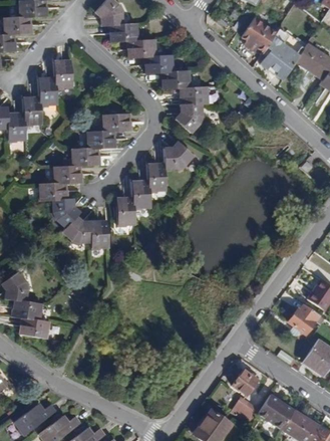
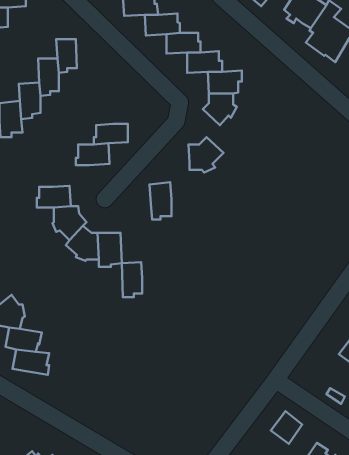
building: [101,113,129,131] -> none
building: [147,163,166,193] -> none
building: [51,165,82,183] -> none
building: [116,197,133,226] -> [122,262,142,297]

